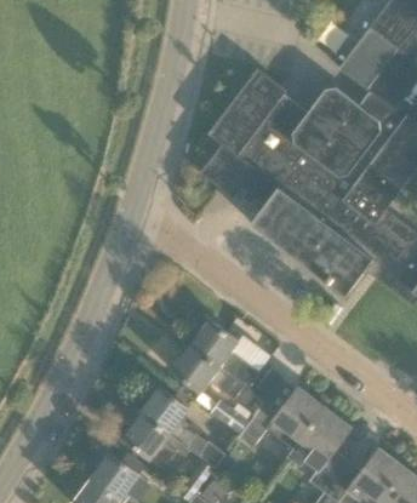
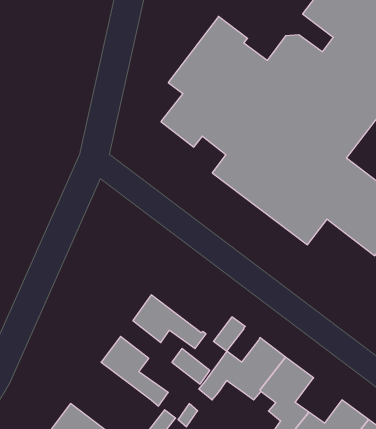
building: [190,319,261,387] -> none
building: [121,411,190,467] -> none

